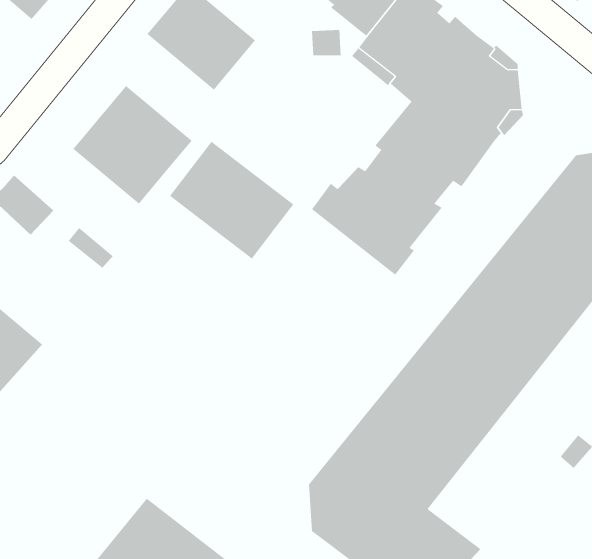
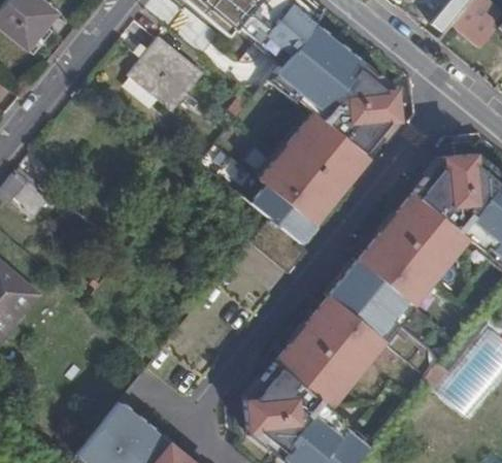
building: [72,85,192,205] -> none
building: [169,141,294,259] -> none

